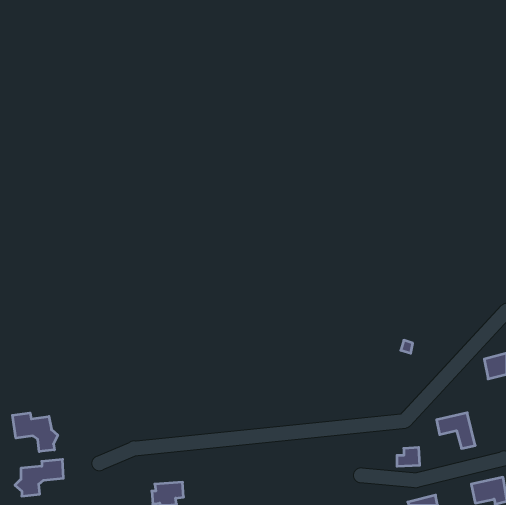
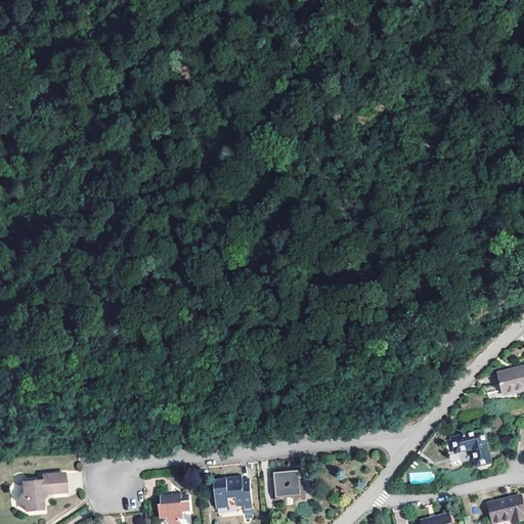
building: [12,413,58,452] -> none
building: none -> [273,473,304,506]
building: none -> [213,478,252,516]

